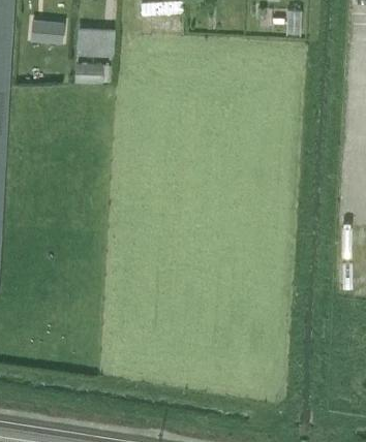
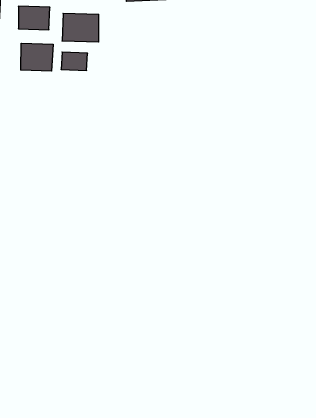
building: none -> [21,43,53,71]

